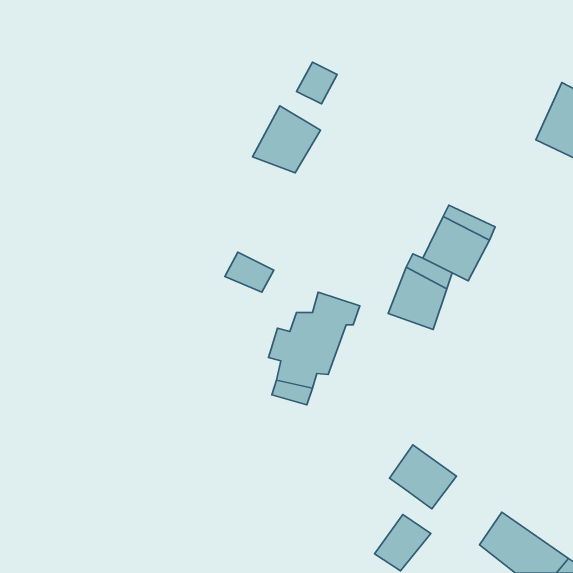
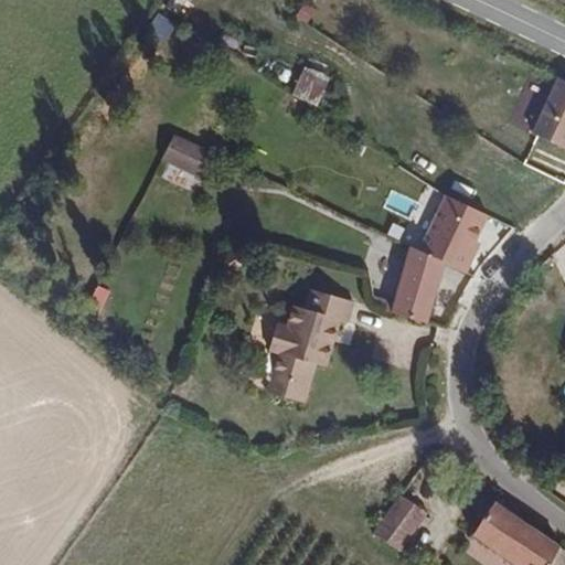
building: [252,106,321,173] -> none
building: none -> [167,132,220,175]
building: [225,252,274,292] -> none
building: [390,445,457,509] -> none

